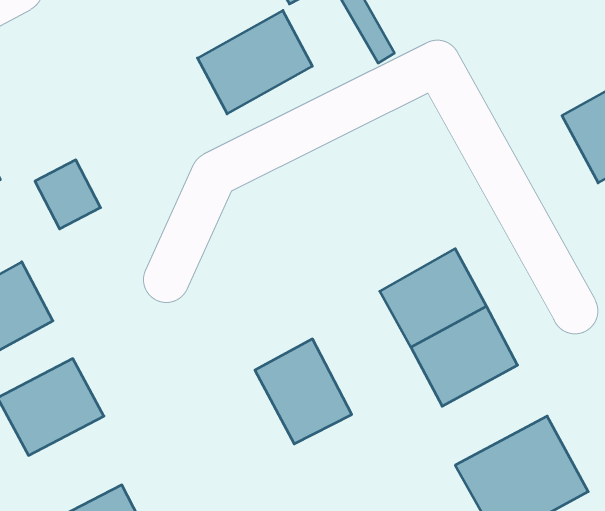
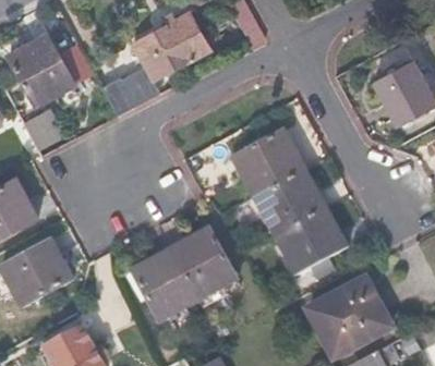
building: none -> [9,33,95,103]
building: none -> [102,78,161,115]
building: none -> [232,130,304,196]
building: none -> [133,248,197,318]

